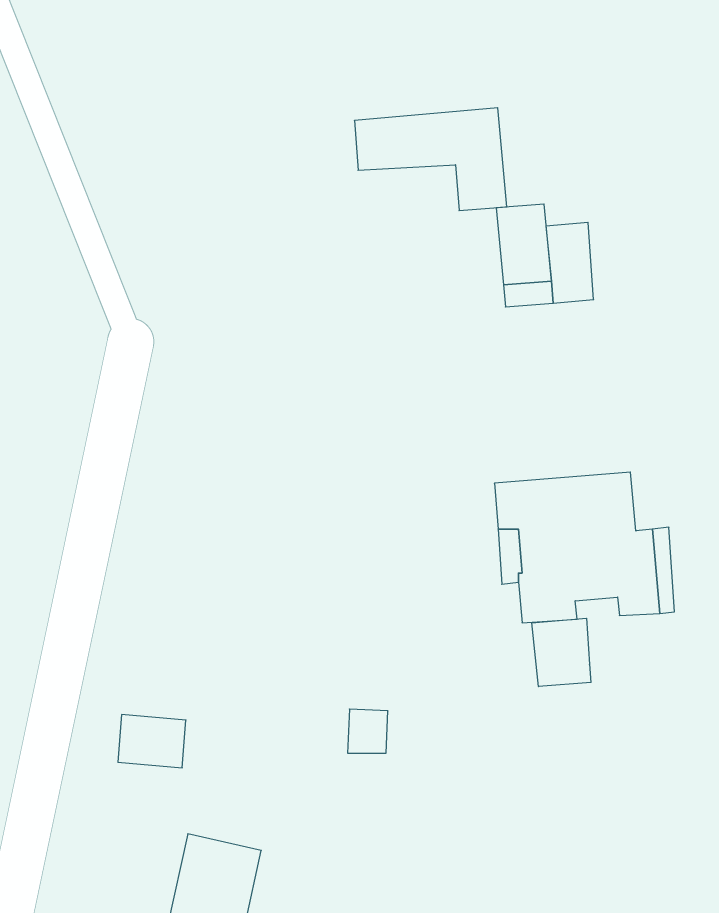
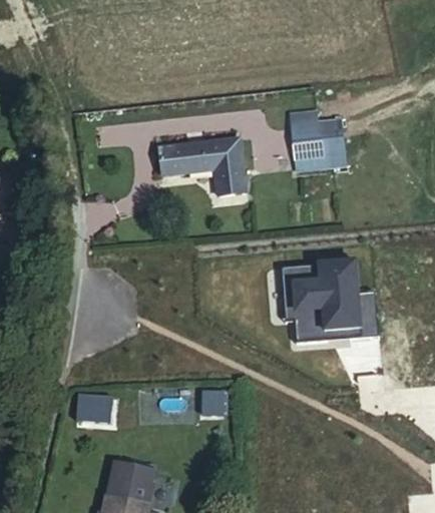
building: [354,108,507,211] -> [154,139,238,195]
building: [532,618,591,687] -> none

